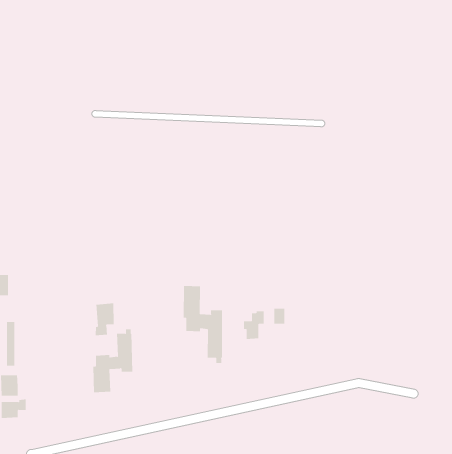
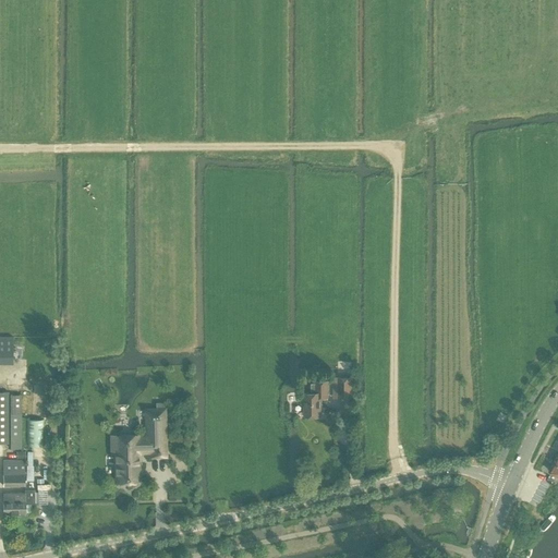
building: [183,285,223,364] -> none
building: [95,303,114,336] -> none

